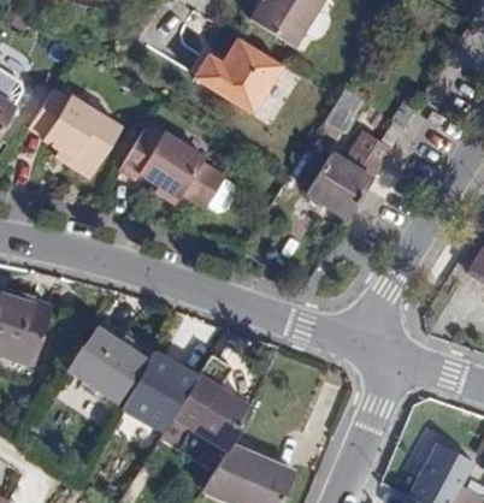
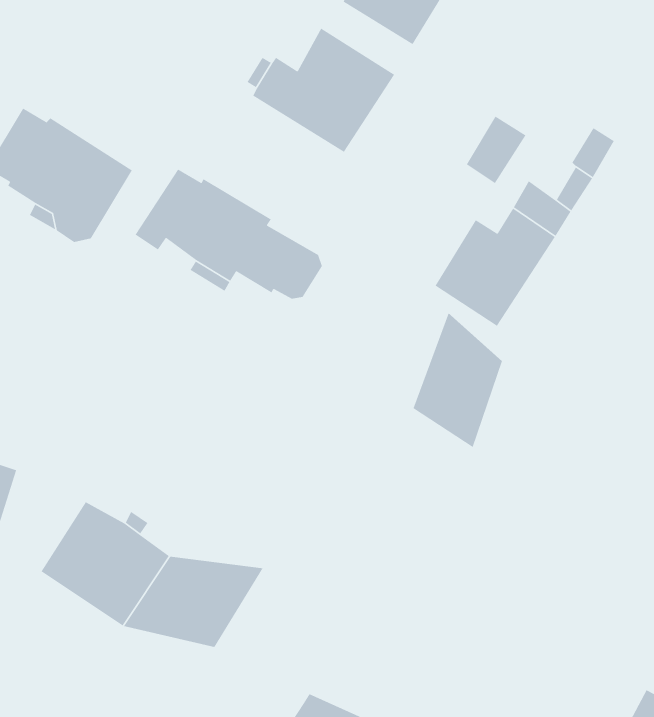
building: none -> [412,312,503,448]
building: [172,357,250,452] -> none

